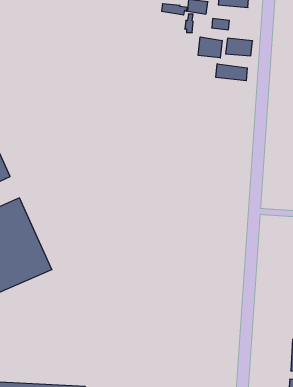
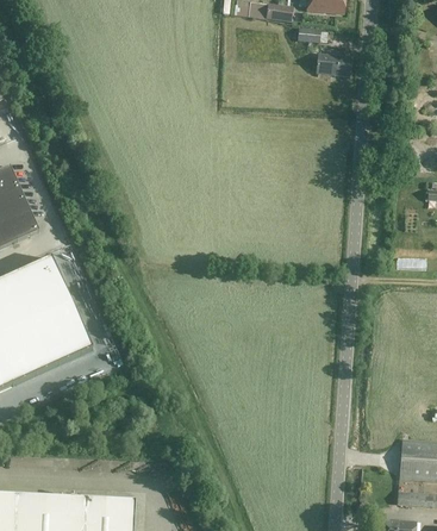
building: [198,37,222,58] -> none
building: [216,64,247,81] -> none

